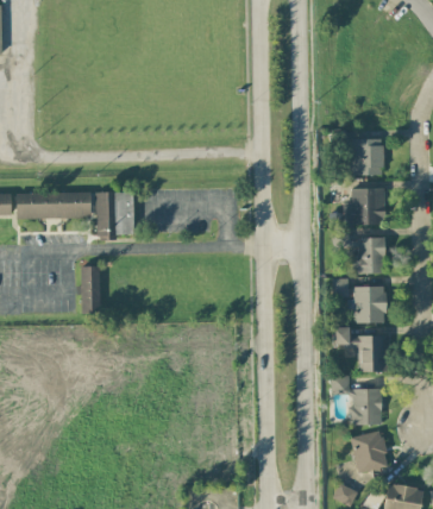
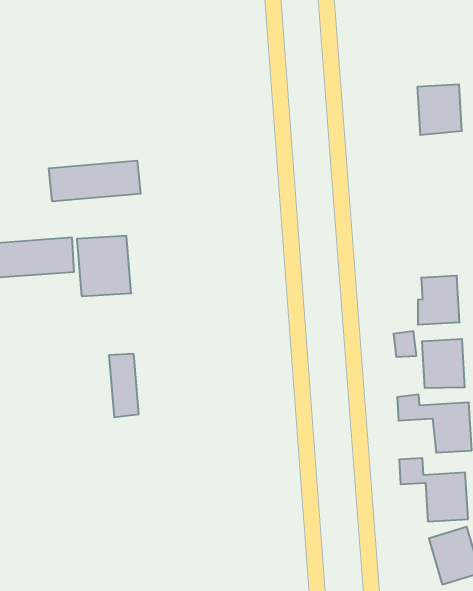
building: none -> [49,161,141,201]
building: [351,139,383,176] -> [417,84,462,135]
building: [352,188,385,225] -> none
building: [81,266,101,314] -> [109,354,139,417]

